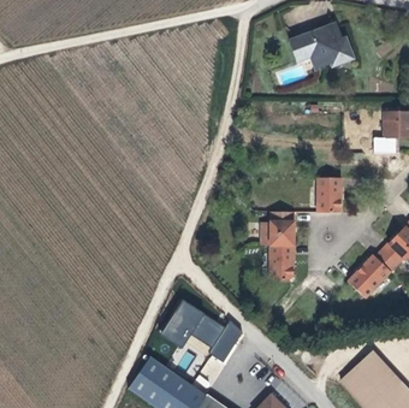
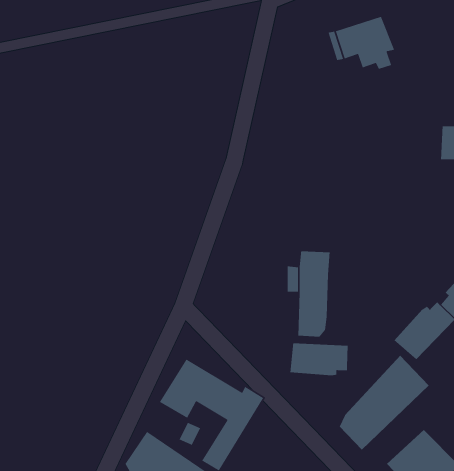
building: [316,177,342,213] -> none
building: none -> [290,342,349,376]
building: none -> [339,355,430,451]

